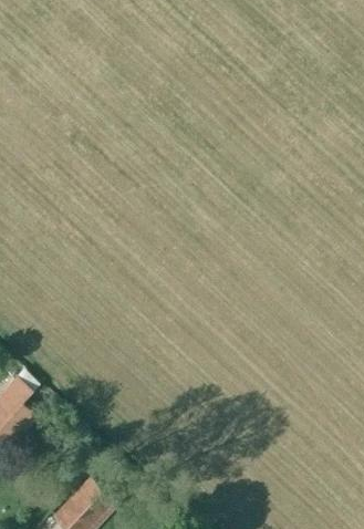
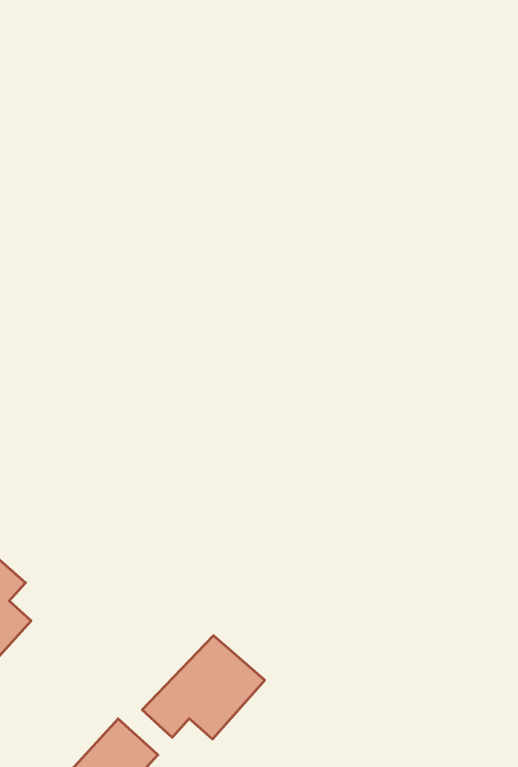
building: none -> [142,636,265,739]

